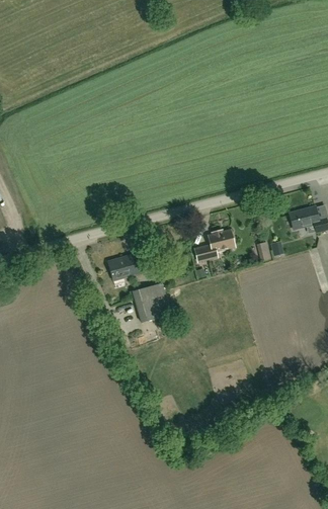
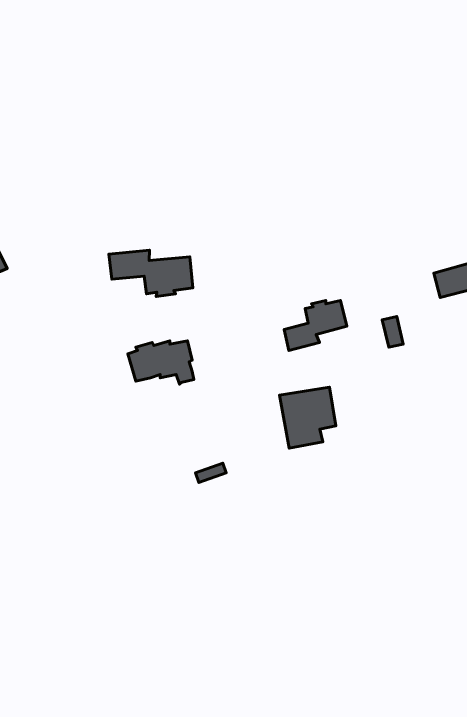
building: none -> [109,250,193,296]
building: [135,283,170,322] -> [279,387,336,448]

